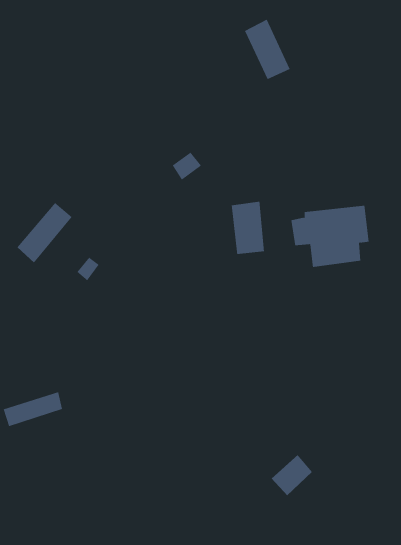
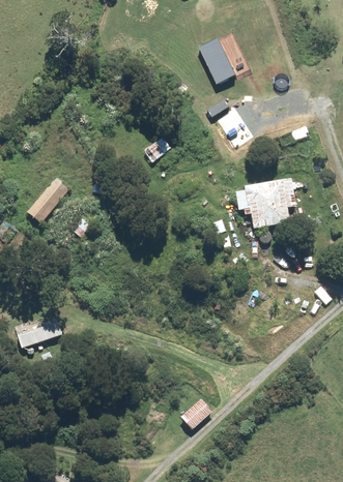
building: [231,201,265,255] -> none
building: [271,454,313,496] -> [180,397,212,429]

